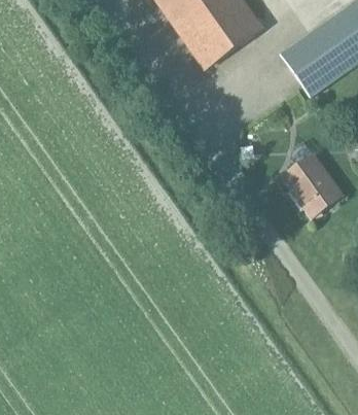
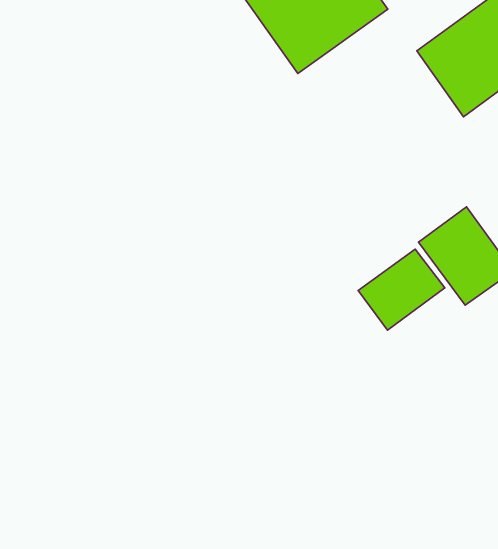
building: none -> [358,249,445,330]

